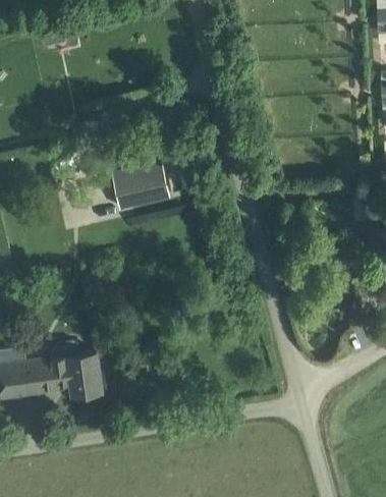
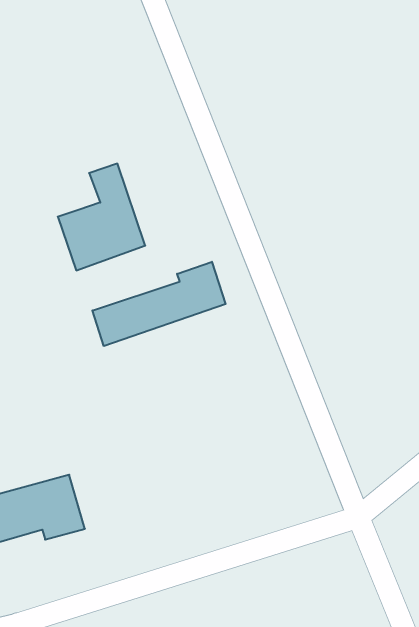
building: none -> [92,262,226,346]

